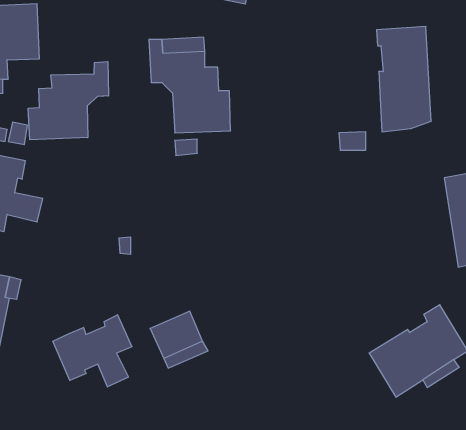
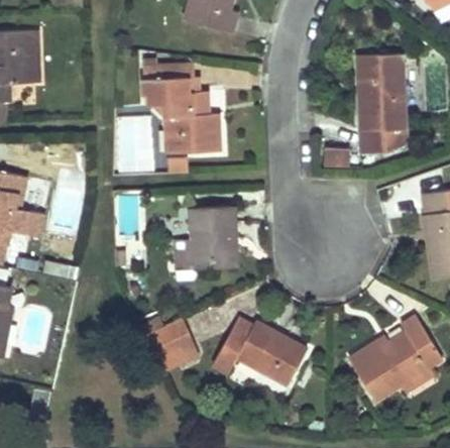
building: [28,62,109,140] -> none
building: none -> [173,205,236,268]
building: none -> [212,317,307,385]
building: [53,315,132,387] -> none

